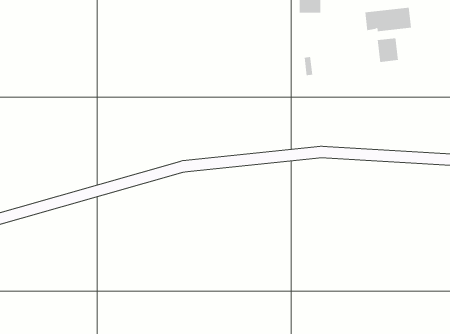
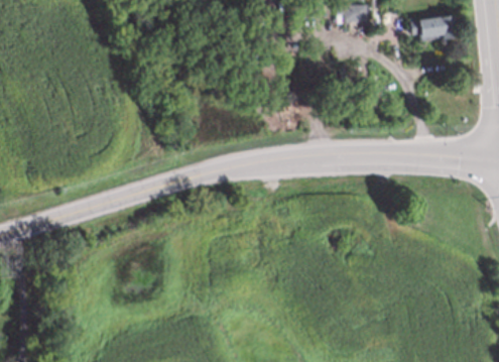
building: [377,37,398,63] -> none

